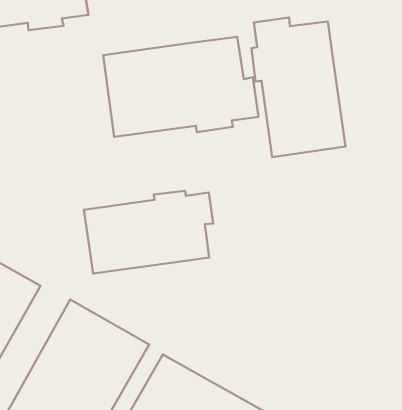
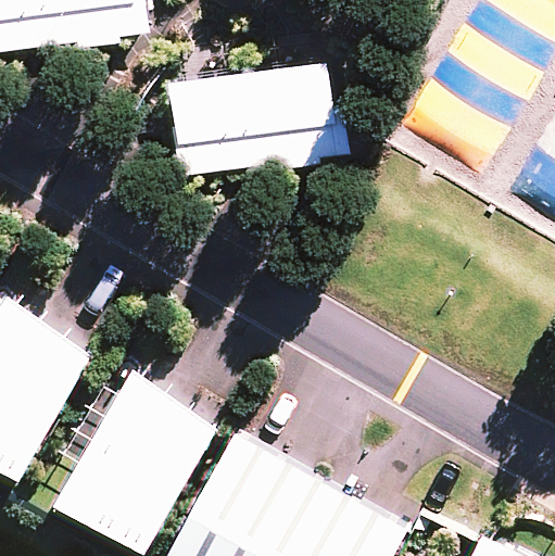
building: [251,18,345,157] -> none
building: [84,191,213,274] -> none

